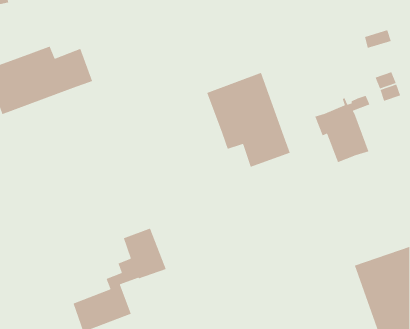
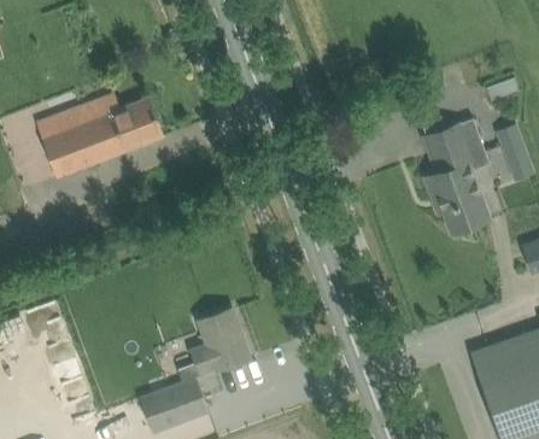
building: none -> [418,116,478,174]
building: [206,72,291,168] -> none

